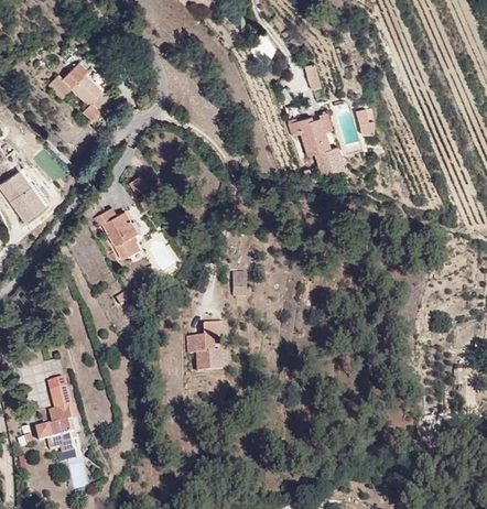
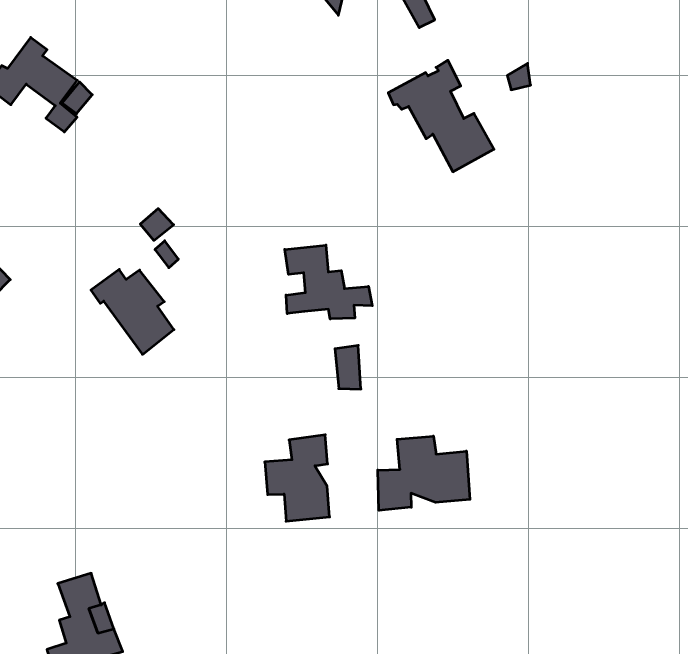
building: none -> [285,245,372,319]
building: none -> [378,436,470,510]

